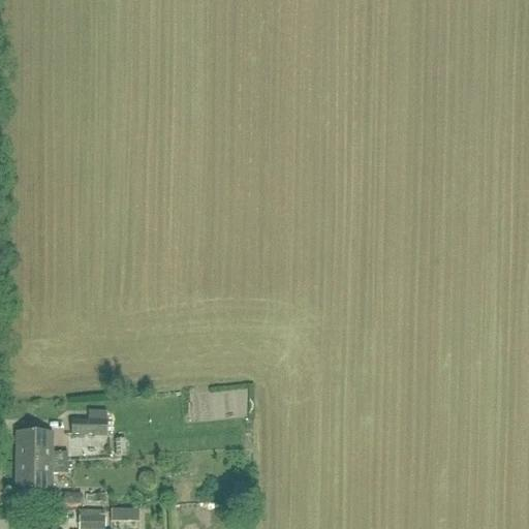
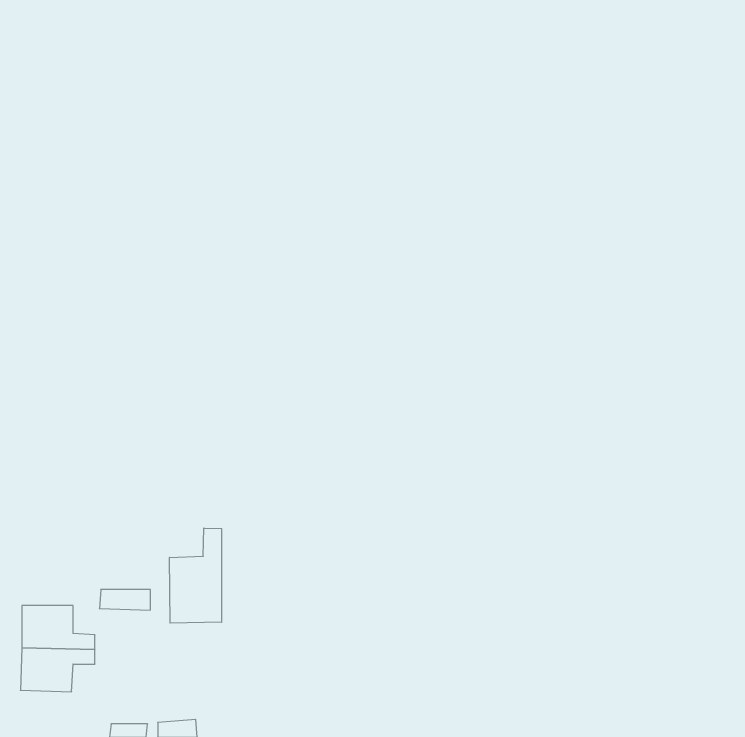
building: none -> [170,528,222,623]

